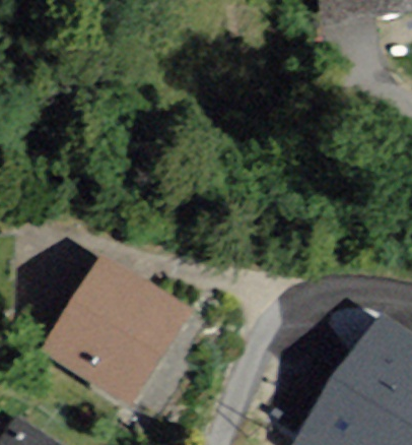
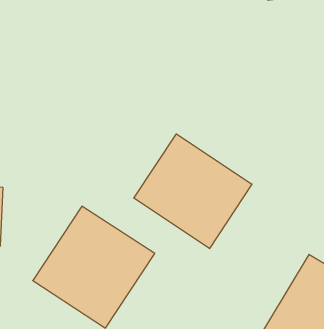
building: none -> [134,134,252,249]

